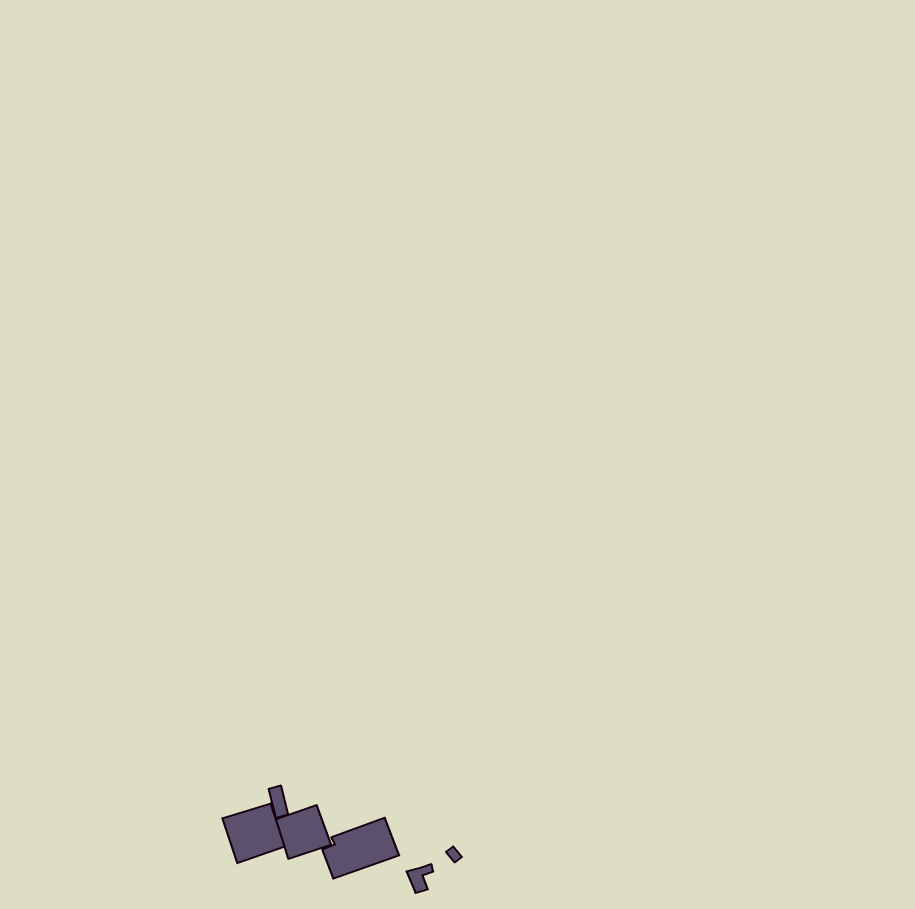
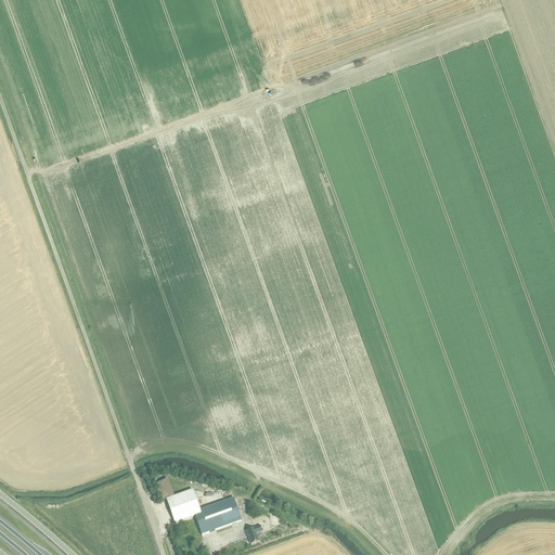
building: [222,803,284,863] -> none

